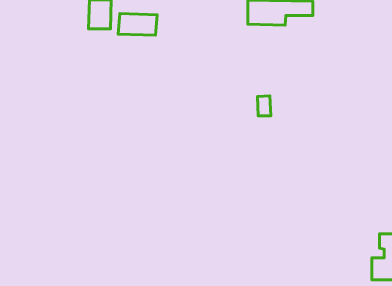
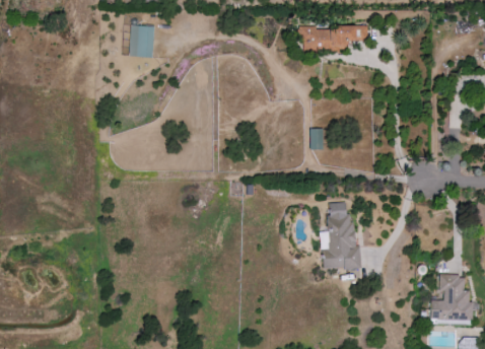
building: [118,14,157,35] -> none
building: none -> [321,201,362,269]

